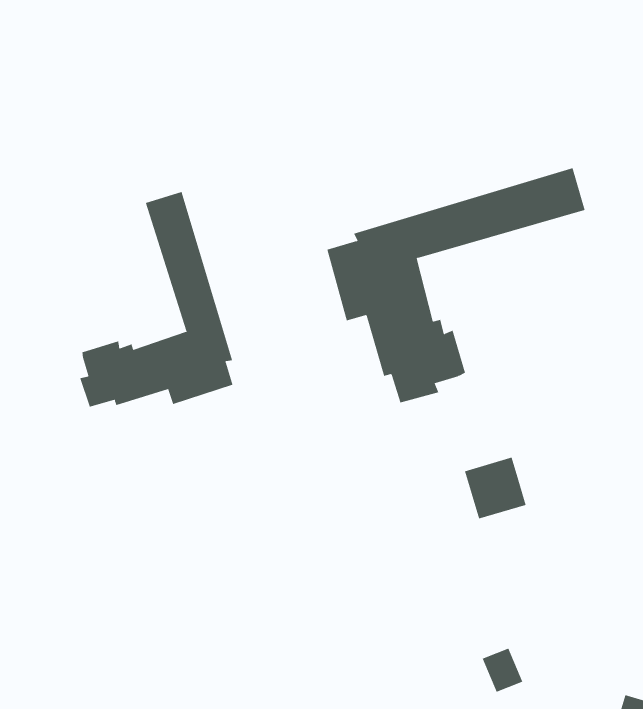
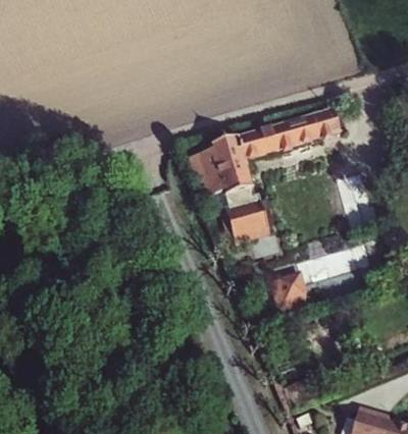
building: [80,191,233,408] -> none

